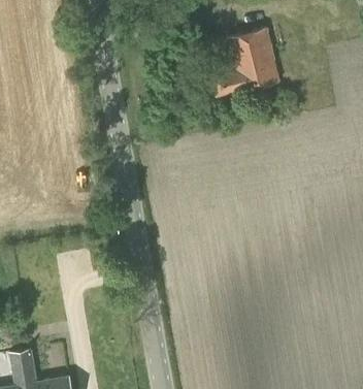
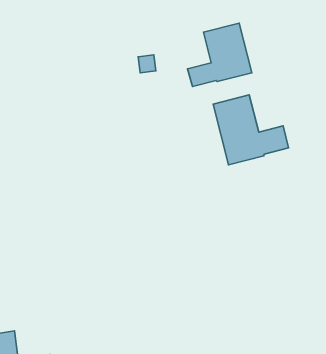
building: none -> [213,95,288,165]

